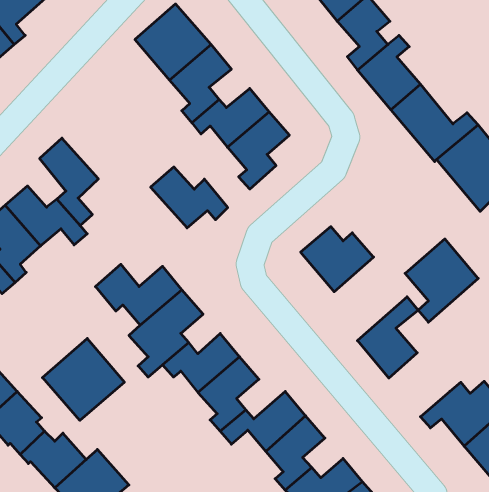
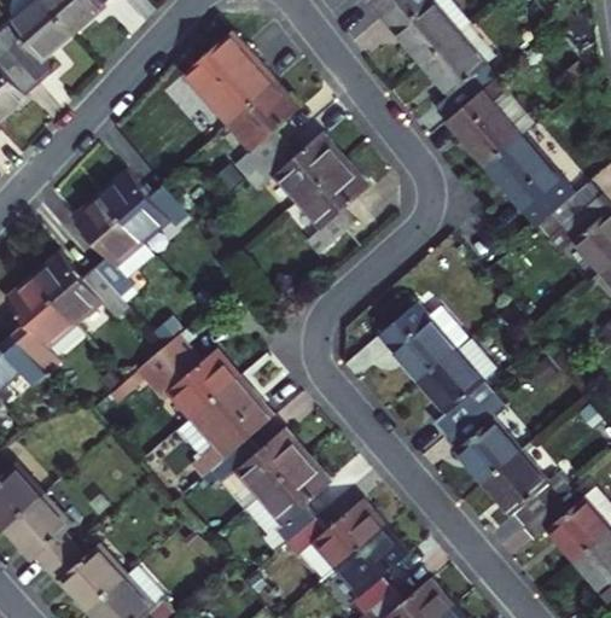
building: [151,167,228,228] -> [95,173,187,245]
building: [405,239,478,322] -> [419,338,506,437]
building: [42,338,124,420] -> none
building: none -> [484,451,557,527]

